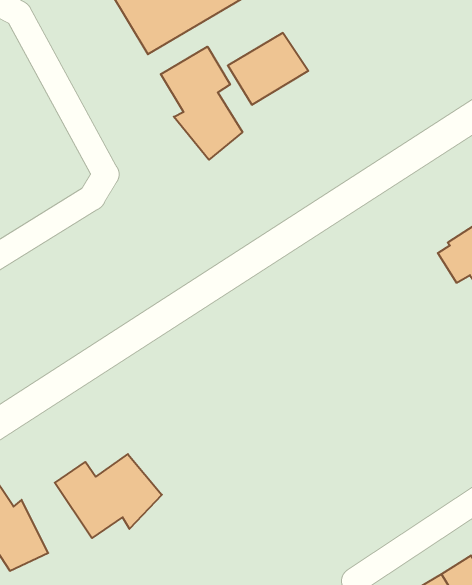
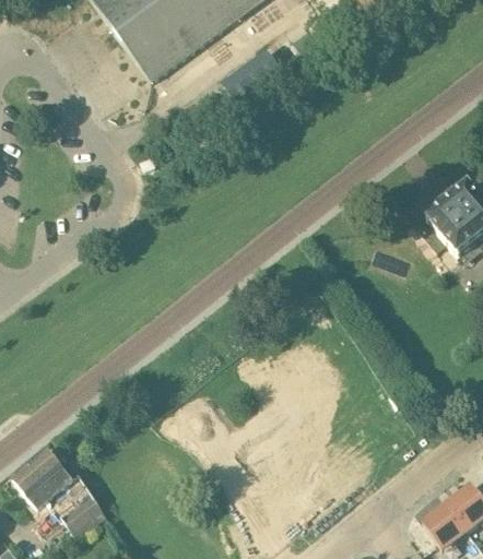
building: [161,47,242,160] -> none
building: [55,454,162,538] -> none

